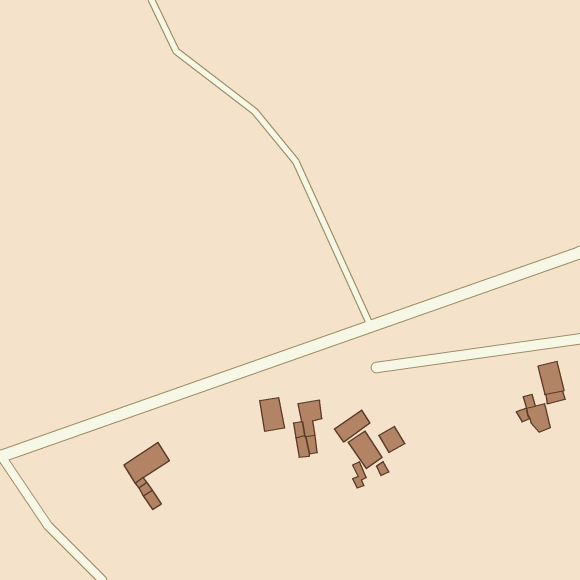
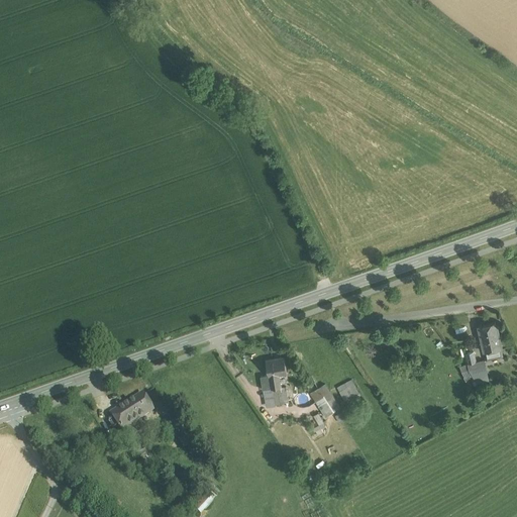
building: [260,398,284,431] -> none
building: [334,410,370,442] -> none

